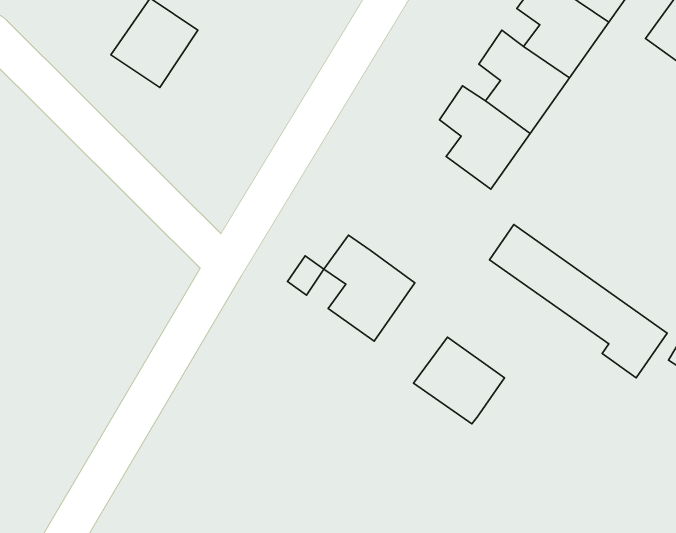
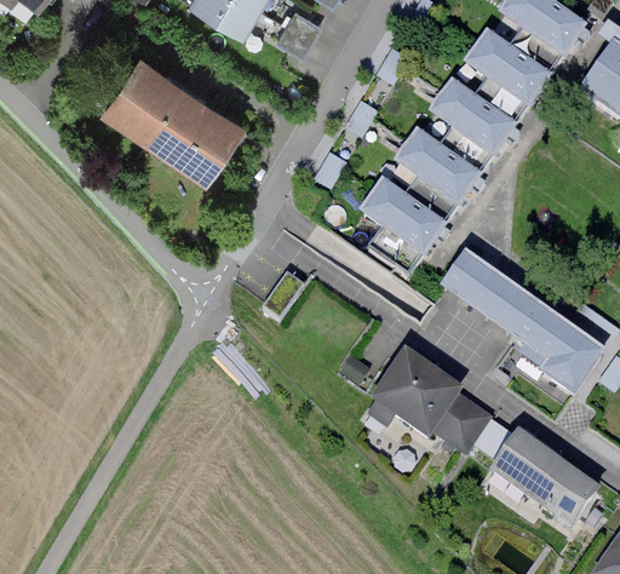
building: none -> [149,81,240,171]
building: [324,235,415,341] -> [363,180,444,275]
building: none -> [432,391,492,450]
building: none -> [493,432,598,524]

